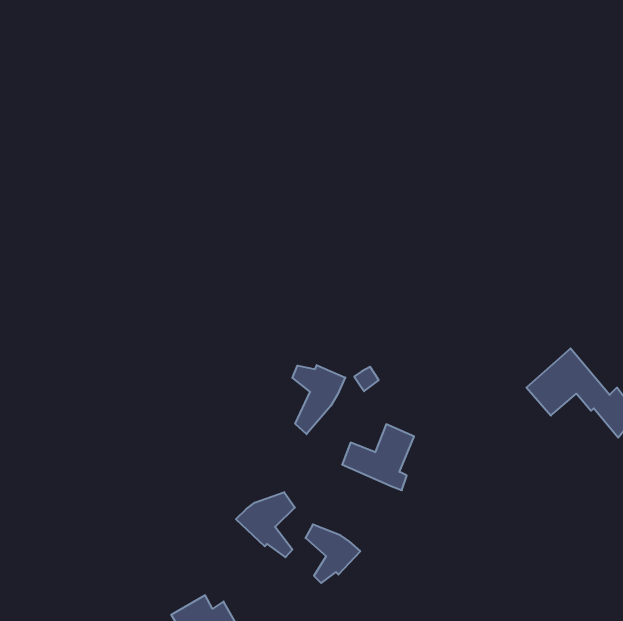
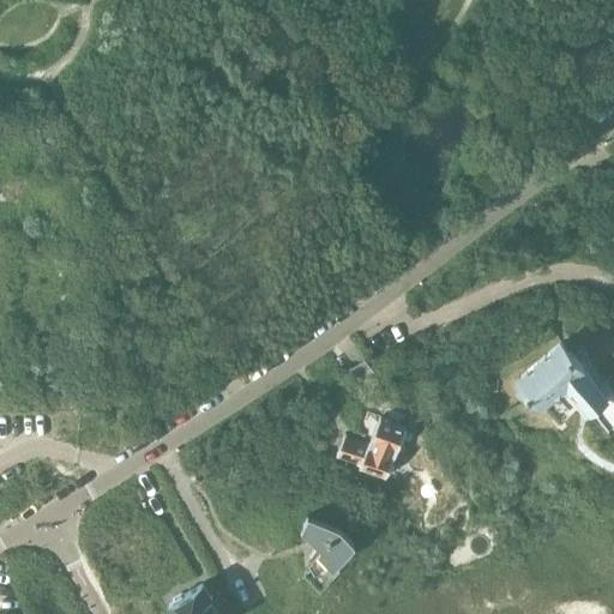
building: [292,365,345,434] -> none
building: [236,492,295,557] -> none

